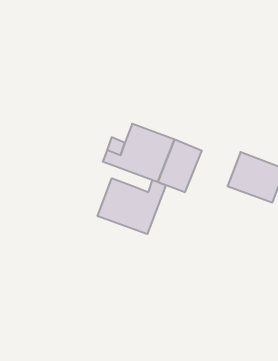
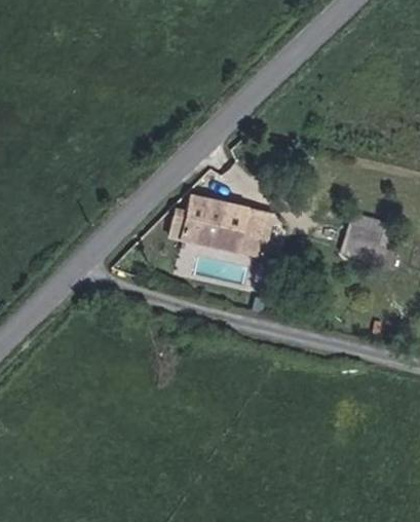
building: [98,178,166,234] -> none

